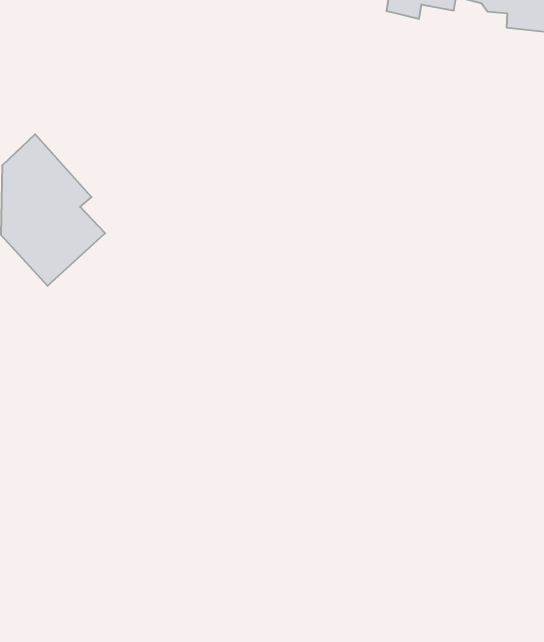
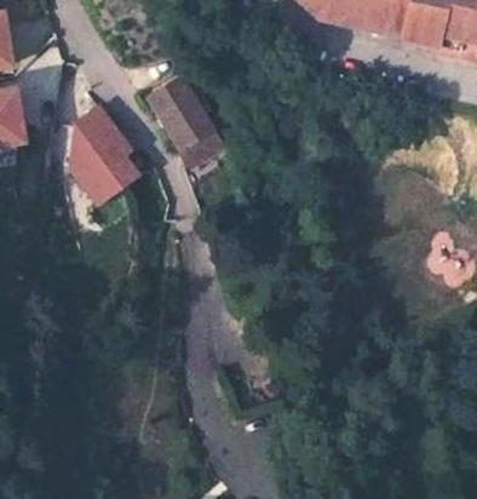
building: none -> [146,75,226,170]

